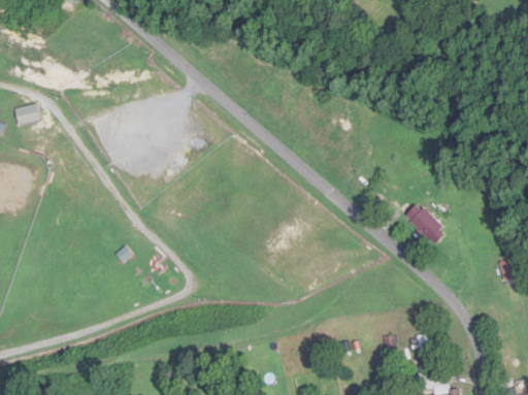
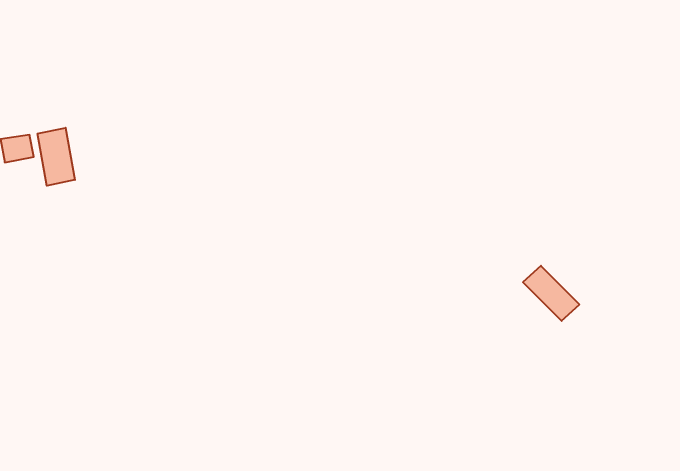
building: none -> [38,128,75,186]

